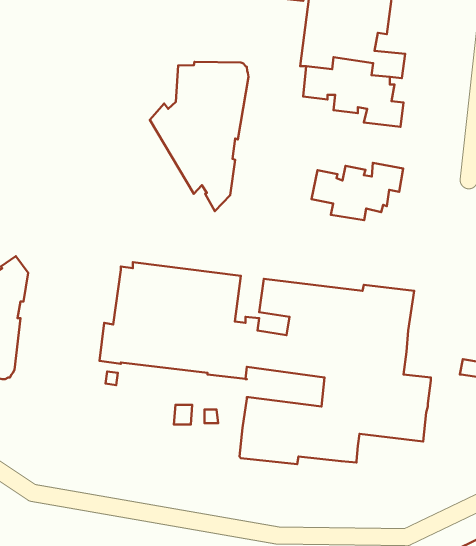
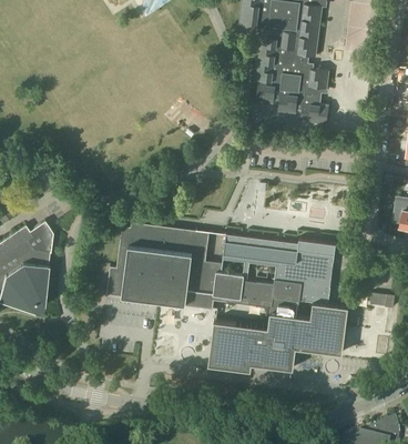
building: [150,62,248,211] -> none
building: [312,163,403,220] -> none

